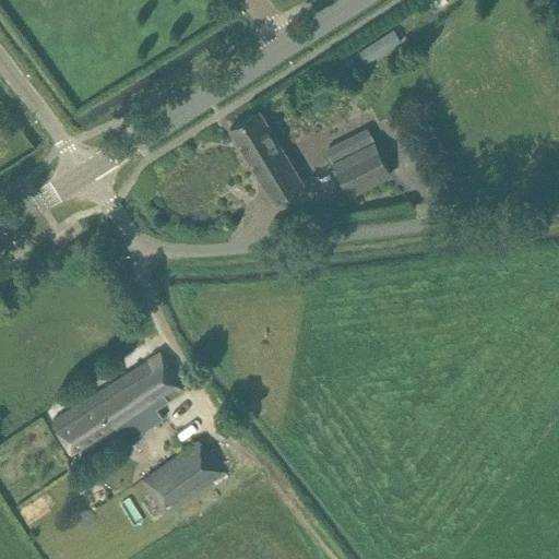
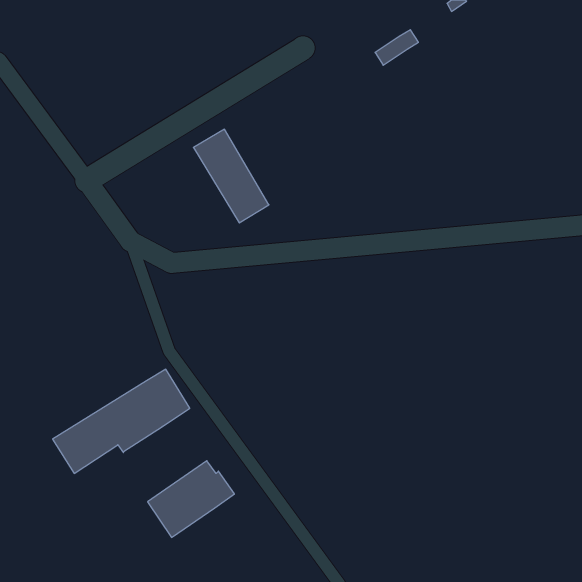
building: [228,112,300,202] -> [193,129,269,223]
building: [325,128,391,198] -> none

